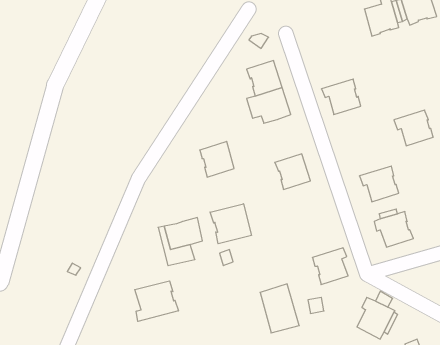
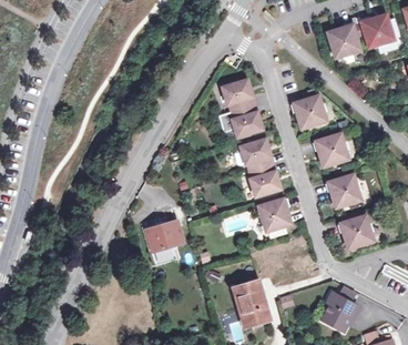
building: [394,110,433,146] -> [313,133,348,165]
building: [200,141,234,177] -> [242,139,273,171]
building: [210,204,251,244] -> none
building: [312,248,348,285] -> [259,197,292,231]
building: [135,281,178,321] -> none

